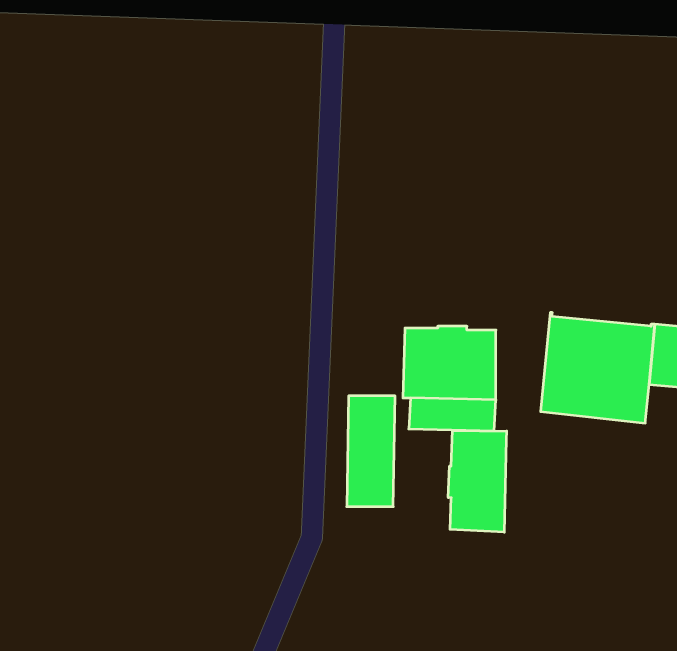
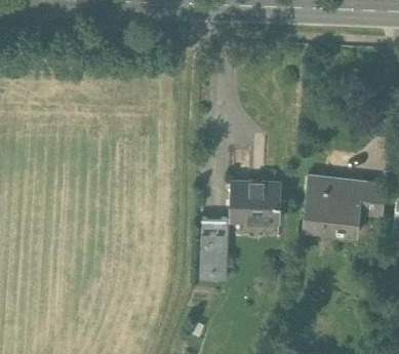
building: [448,430,507,532] -> none

